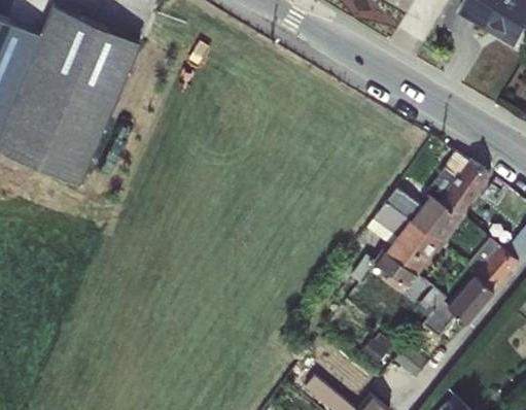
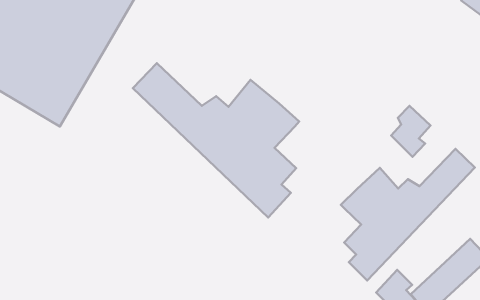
building: none -> [133,63,299,217]
building: none -> [391,106,431,157]

